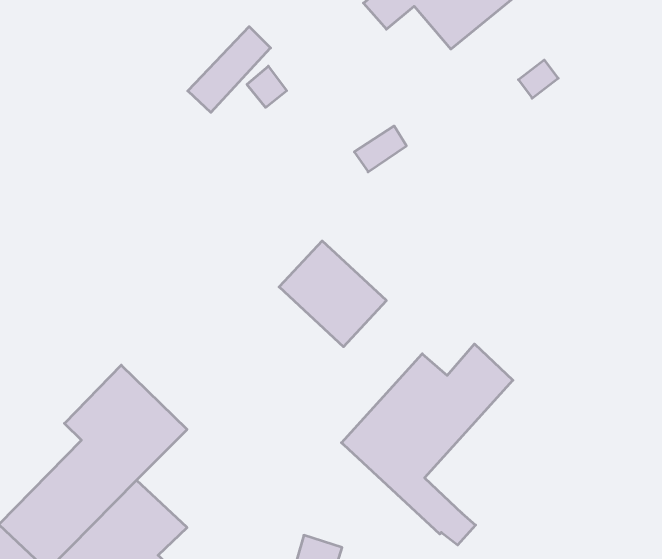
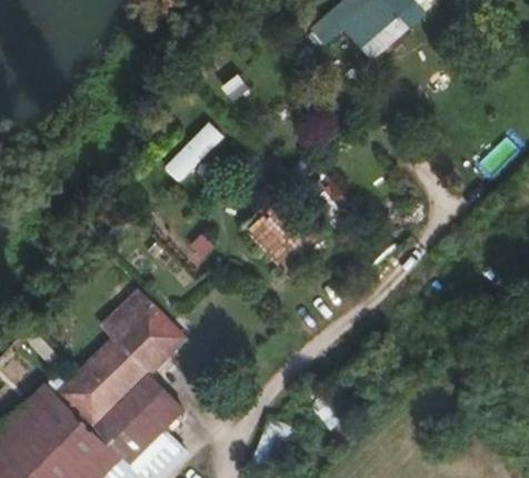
building: [188,27,271,112] -> [164,120,224,182]
building: [341,344,513,545] -> none

